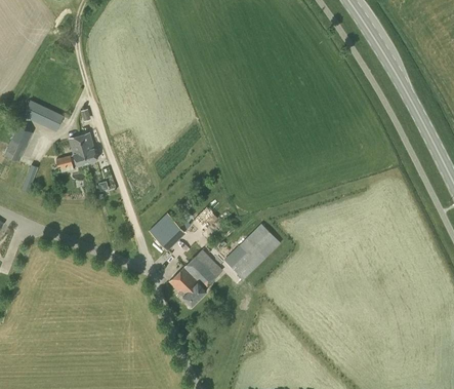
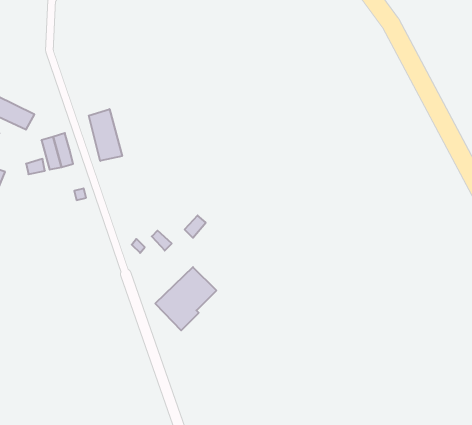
building: none -> [89,109,122,161]
building: [224,223,281,279] -> none

